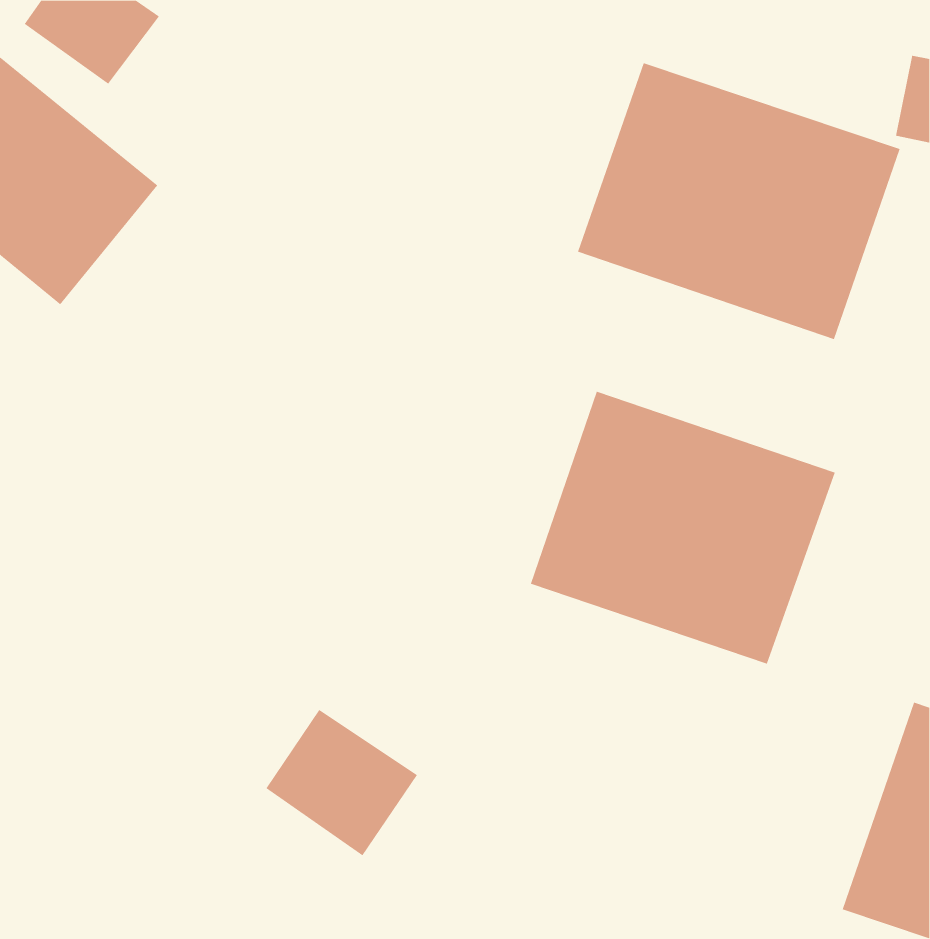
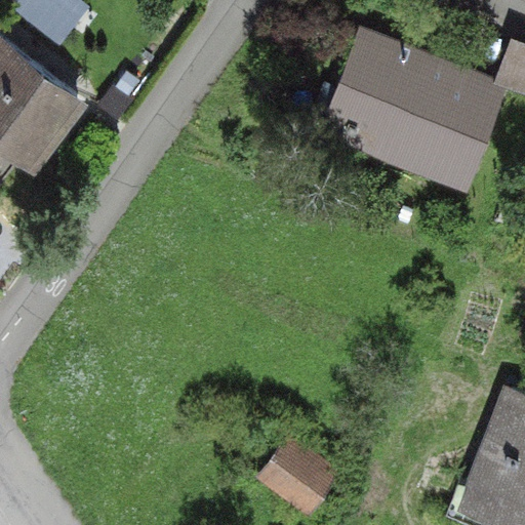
building: [530,391,835,664] -> none
building: [265,709,418,856] -> [257,435,342,517]

